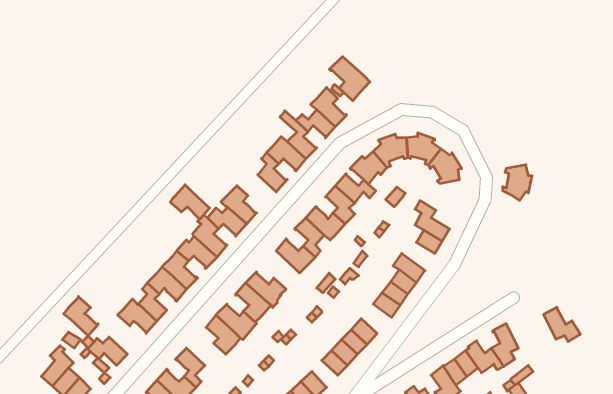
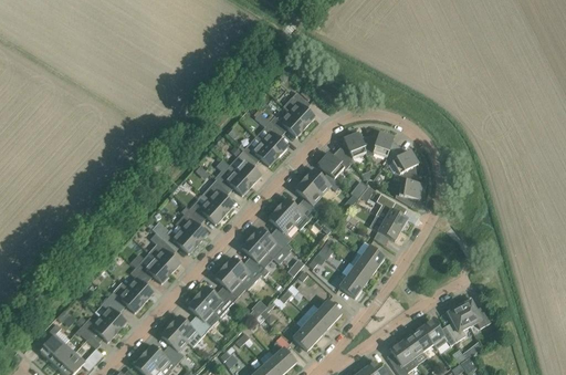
building: [329,57,370,101] -> none
building: [503,165,532,200] -> [395,174,421,206]
building: [170,185,210,219] -> [216,164,251,195]
building: none -> [241,238,272,277]
building: [64,296,98,336] -> [95,295,126,331]
building: [544,307,580,342] -> [458,296,491,327]
building: none -> [170,315,206,345]

